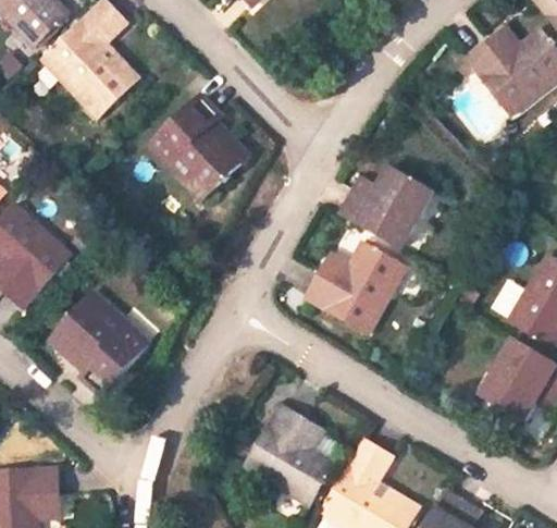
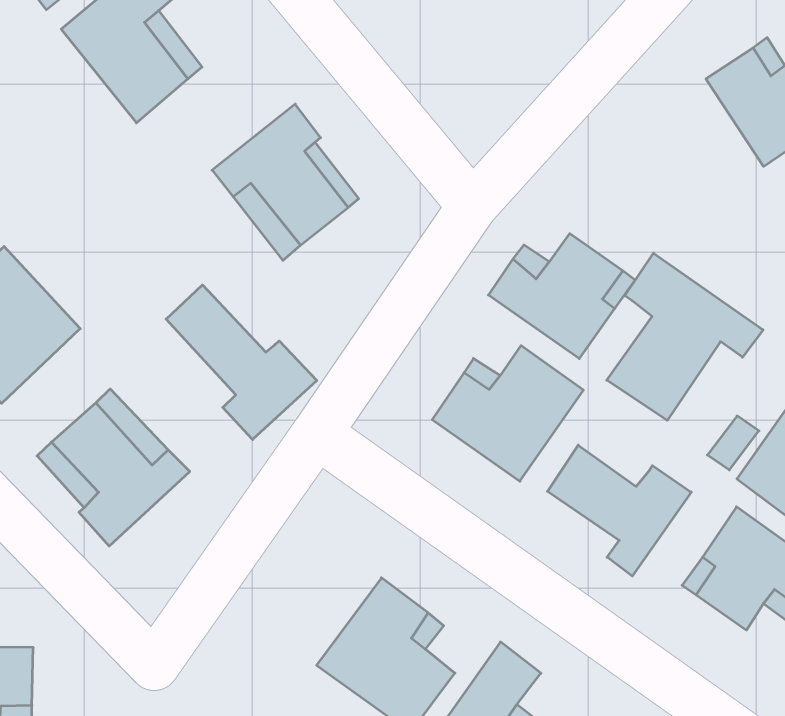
building: none -> [607,253,763,420]
building: none -> [166,285,317,440]
building: none -> [547,445,691,576]

